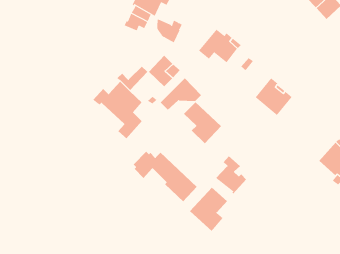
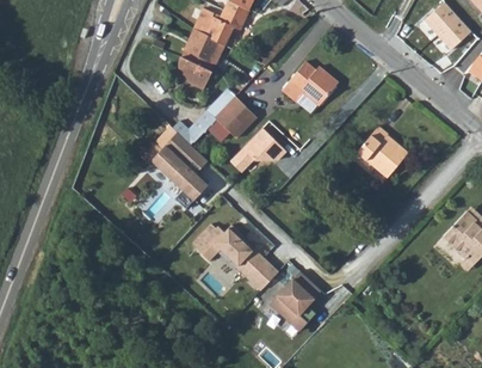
building: [156,18,182,43] -> [180,56,215,90]
building: [183,102,222,144] -> none
building: [215,156,247,194] -> none

